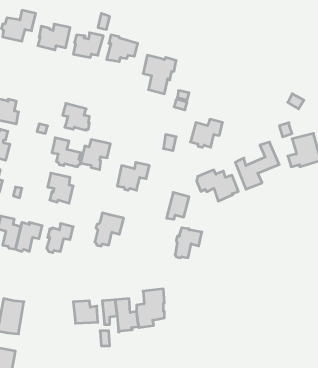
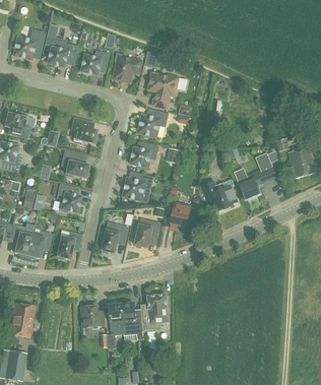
building: [190,119,223,147] -> [137,111,168,137]
building: [80,140,110,170] -> [130,141,158,170]
building: [175,228,202,258] -> [135,218,160,247]

